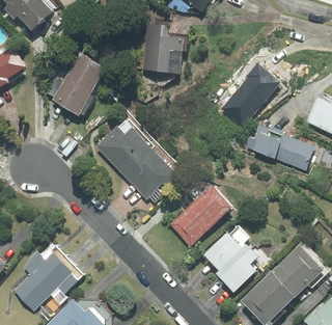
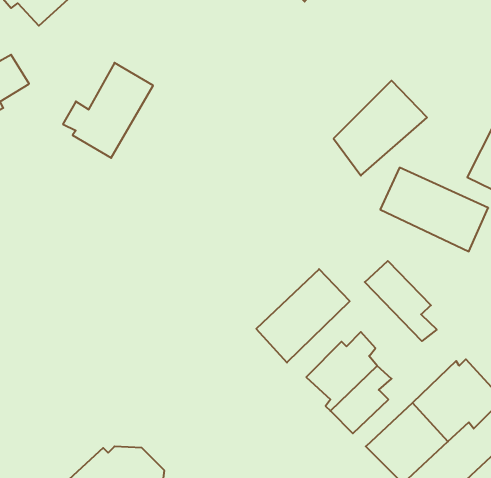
building: [141,25,185,76] -> none
building: [95,118,178,201] -> none
building: none -> [365,261,437,341]
building: [15,244,83,309] -> none

